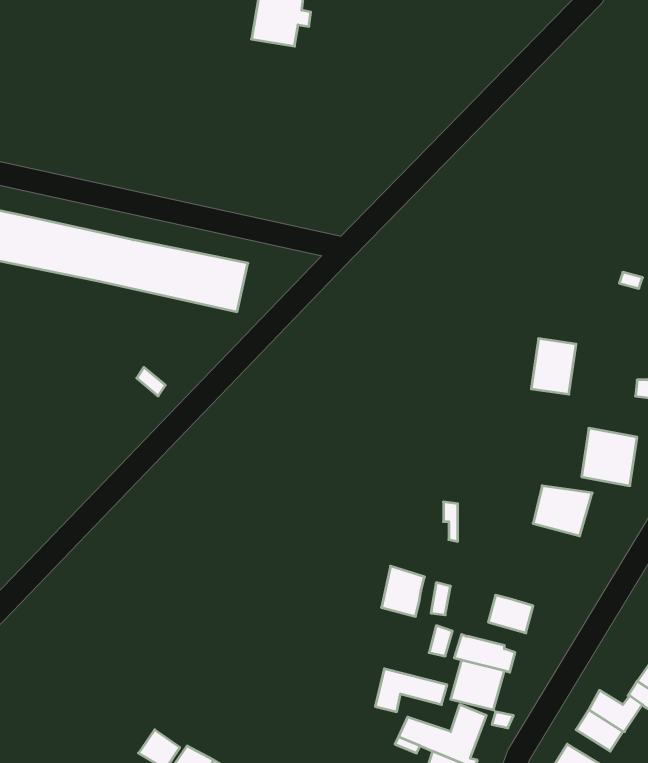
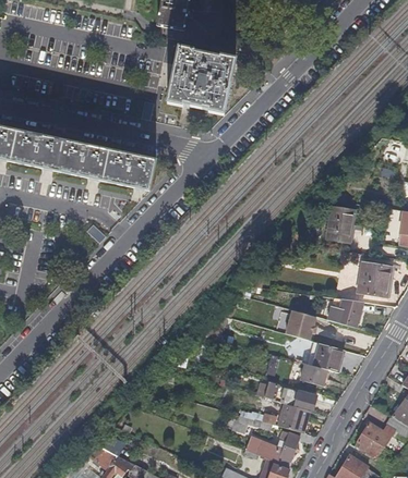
building: none -> [166,48,233,113]
building: none -> [313,342,344,370]
building: [381,566,425,616] -> [288,308,314,339]

